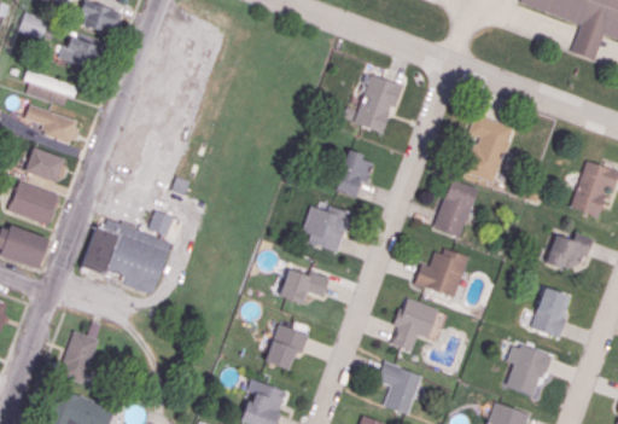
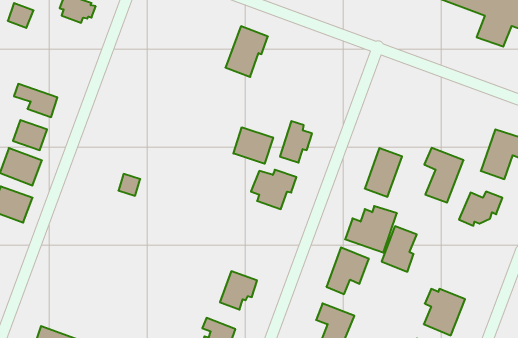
building: [58,36,109,69] -> none
building: [23,69,77,106] -> none
building: [352,74,402,133] -> [225,26,268,77]
building: [467,112,513,176] -> [424,148,464,203]
building: none -> [233,127,273,164]
building: [80,216,171,298] -> none
building: [280,268,330,304] -> none
building: [530,286,571,339] -> [382,226,417,272]
building: [60,330,98,383] -> none

